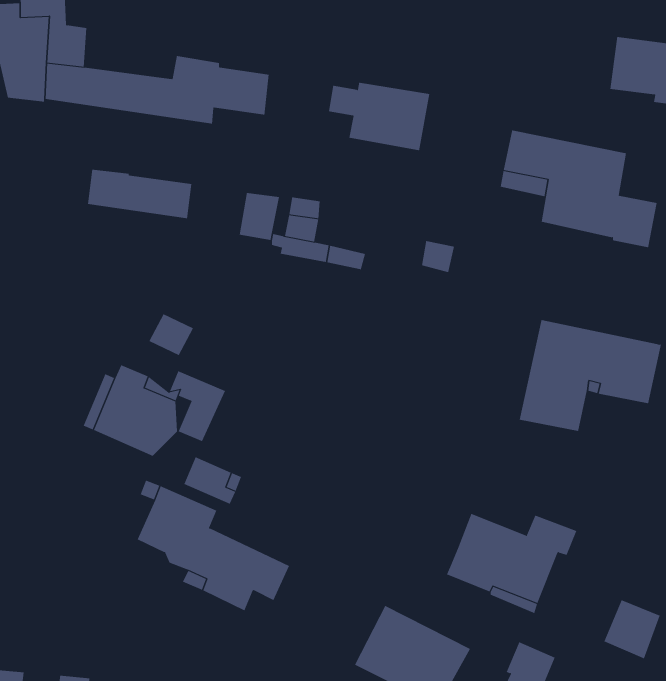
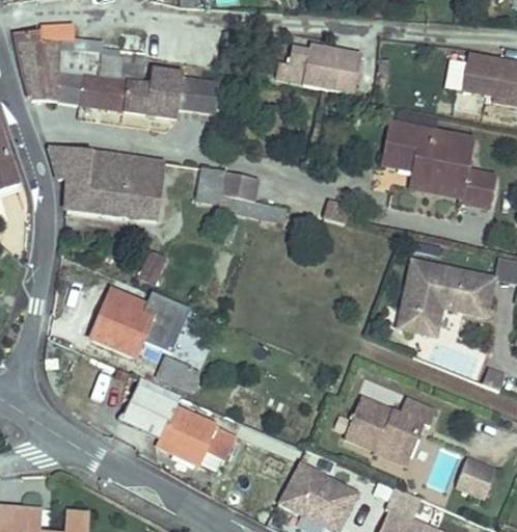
building: none -> [86,49,145,84]
building: [328,82,430,151] -> [288,44,360,92]
building: none -> [49,144,169,219]

